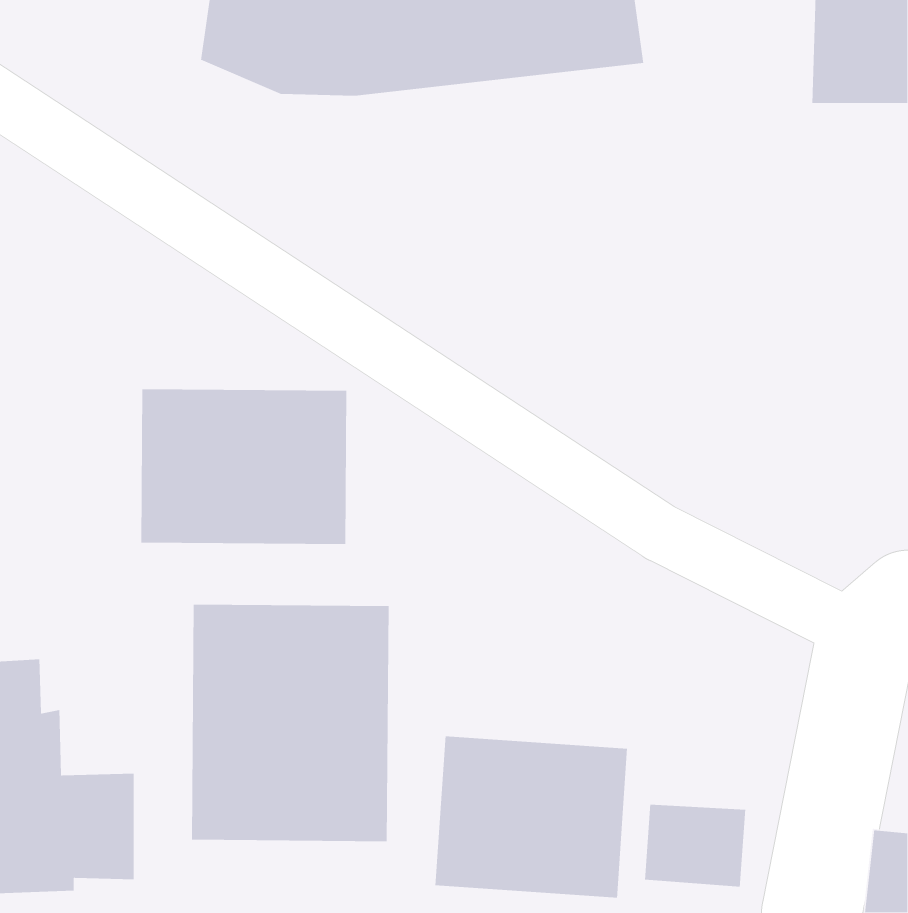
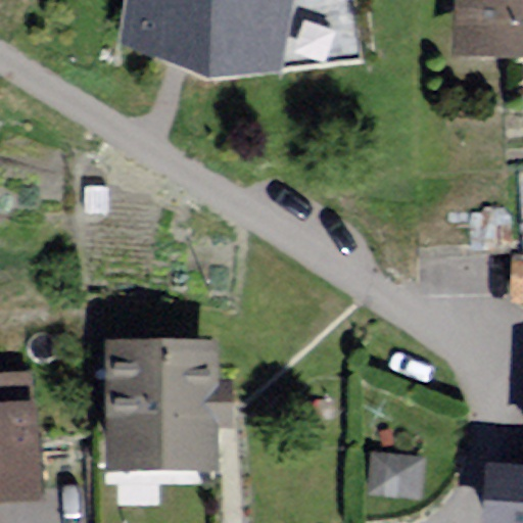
building: [141,389,347,545] -> none
building: [434,735,628,899] -> none

